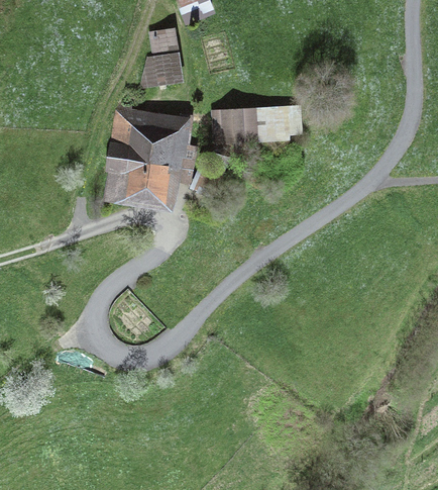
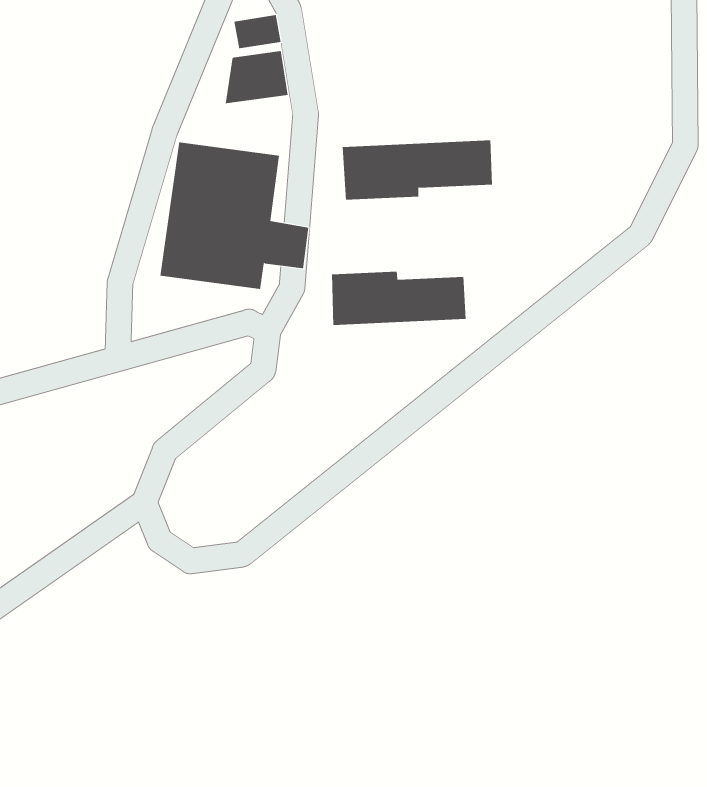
building: none -> [331,271,466,326]

